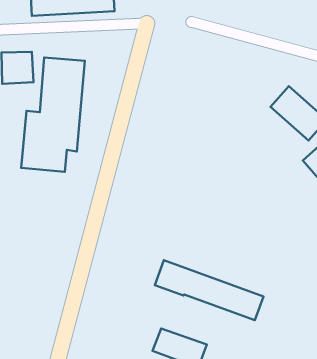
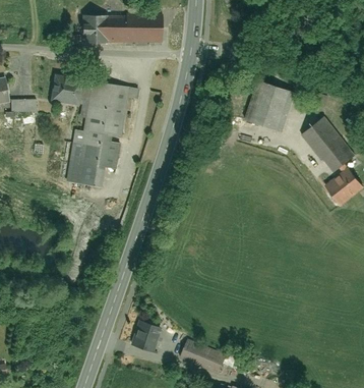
building: none -> [248,79,295,132]
building: [155,260,264,320] -> none
building: none -> [131,318,163,352]

